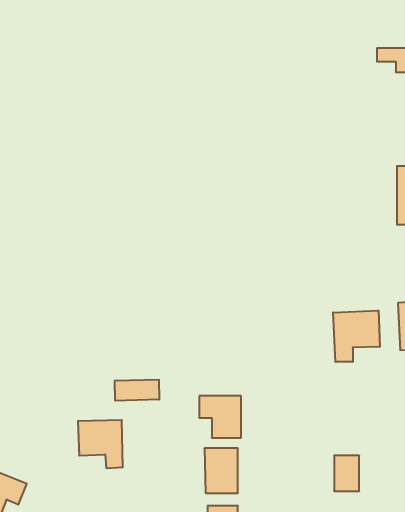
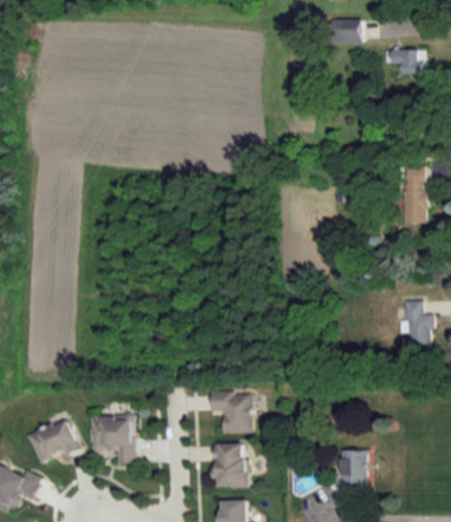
building: none -> [329,20,361,43]
building: [333,310,380,362] -> none
building: [115,380,159,401] -> none
building: none -> [27,418,78,463]

